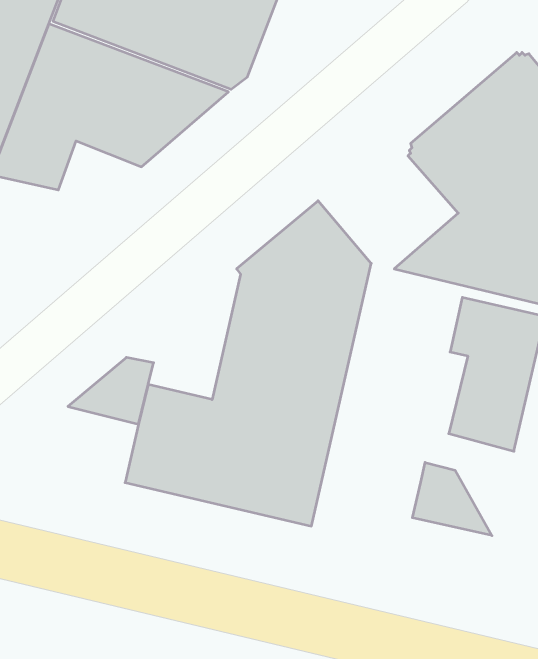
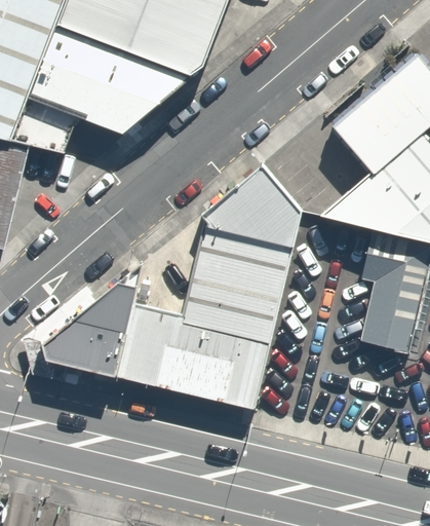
building: none -> [41,318,126,376]
building: [412,462,492,536] -> none

